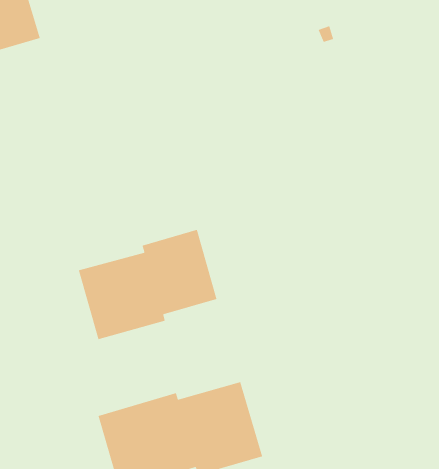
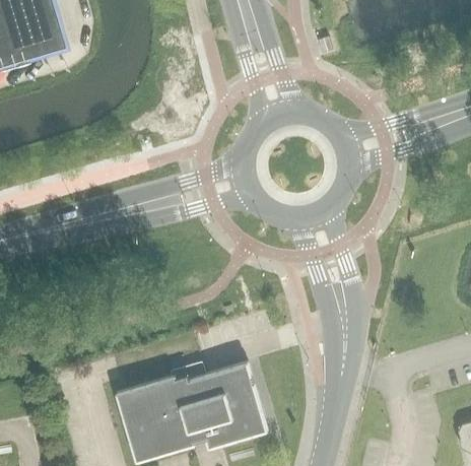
building: [78,229,218,340] -> none

